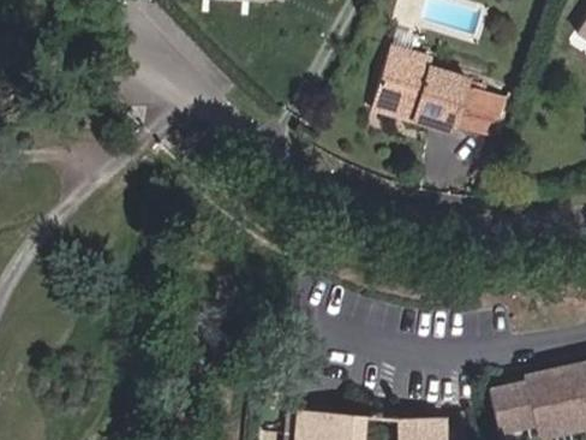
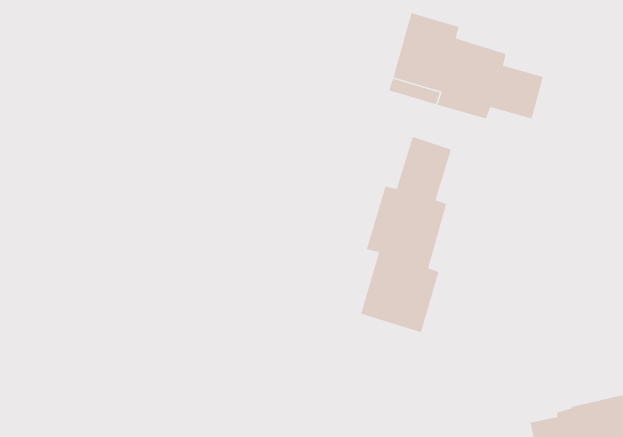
building: none -> [360,136,452,333]

